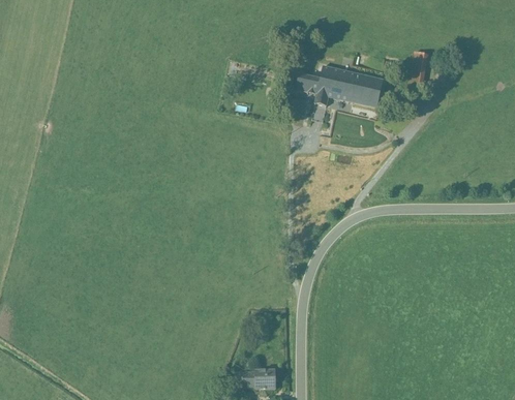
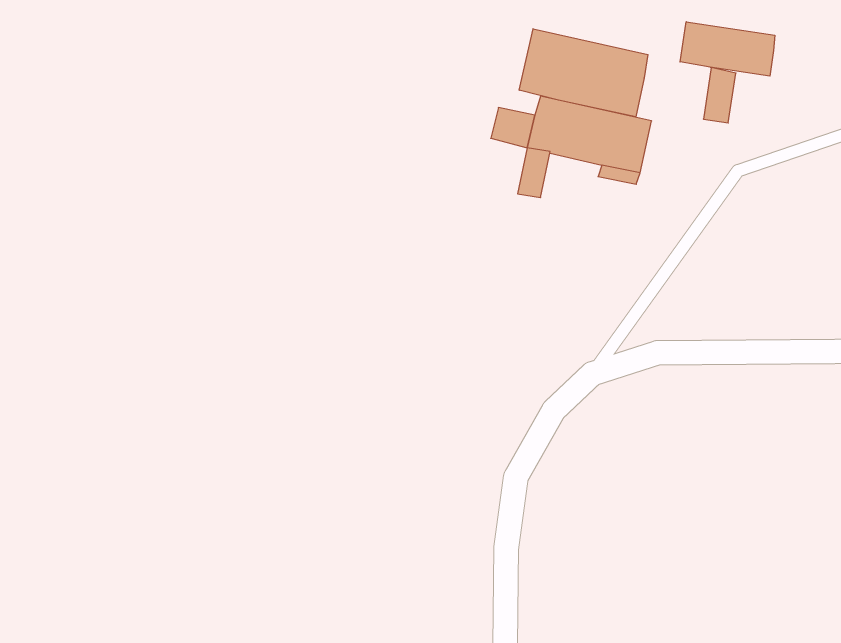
building: none -> [680,22,775,76]
building: none -> [519,29,648,117]

